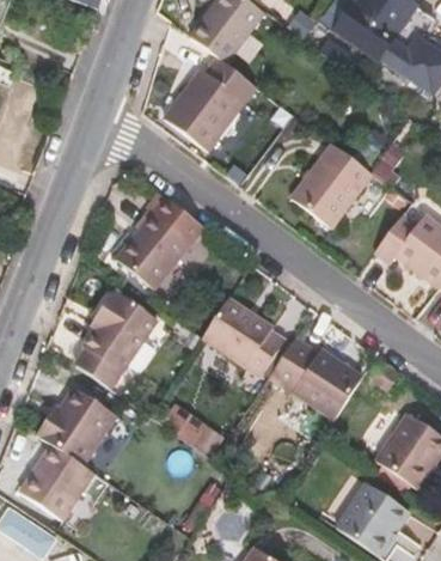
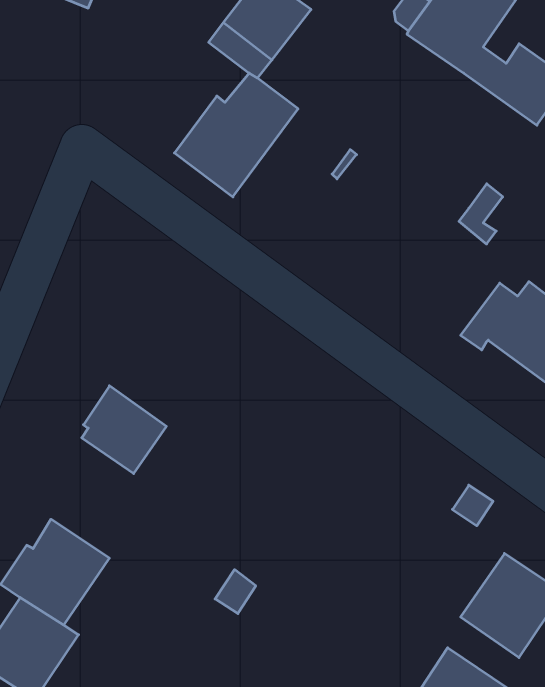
building: [289,142,372,227] -> none
building: [115,195,203,288] -> none
building: [202,297,284,377] -> none
building: [75,327,134,388] -> none
building: [270,336,363,419] -> none

